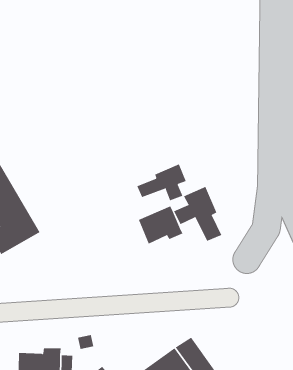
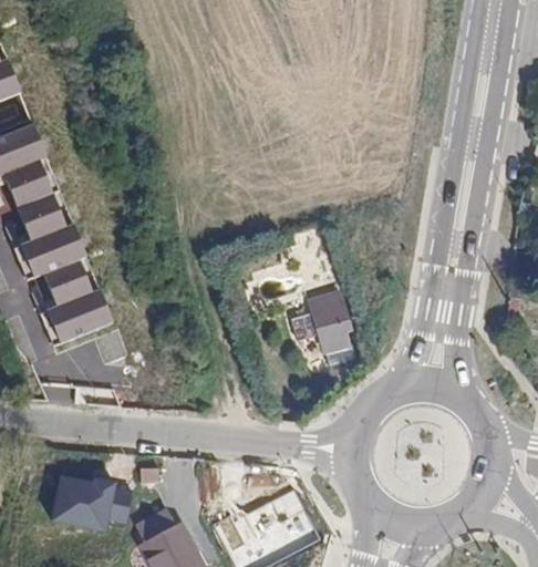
building: [136,163,187,201] -> none
building: [138,205,183,244] -> none

